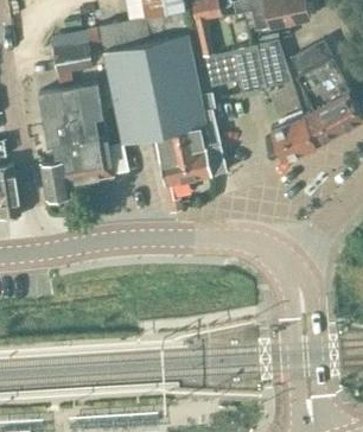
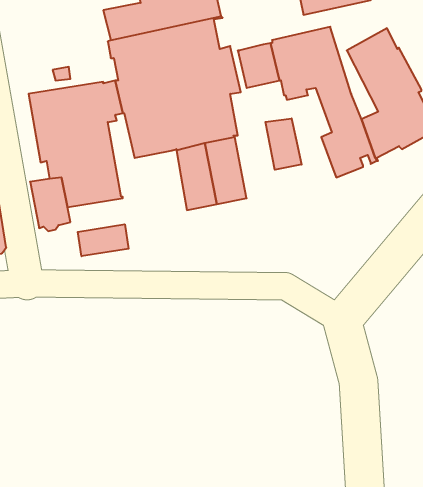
building: [51,27,104,72] -> none
building: none -> [265,118,302,170]
building: none -> [78,224,129,256]

